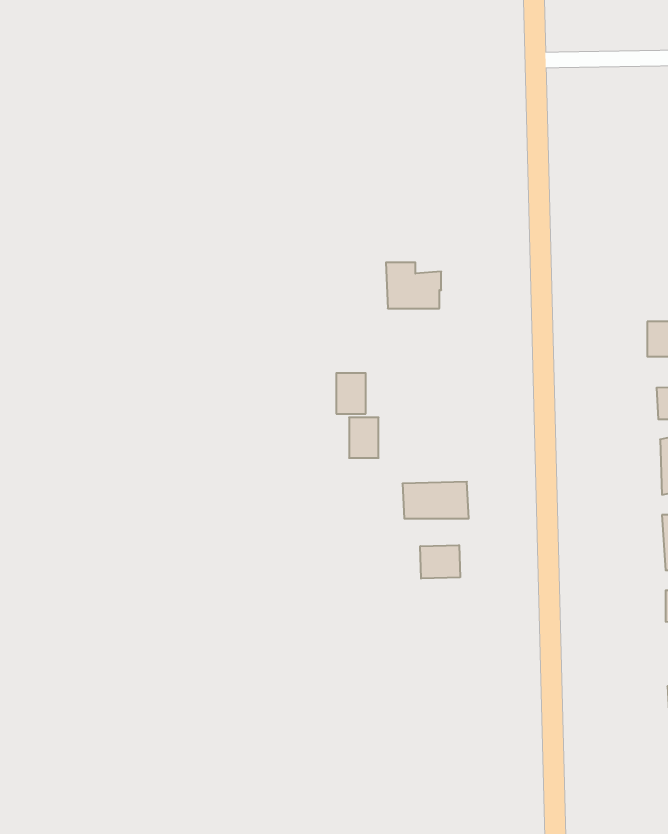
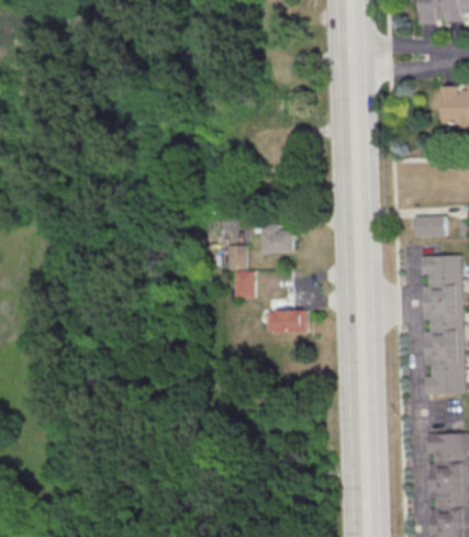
building: [386,262,441,308] -> [263,225,295,253]
building: [420,545,460,579] -> none

